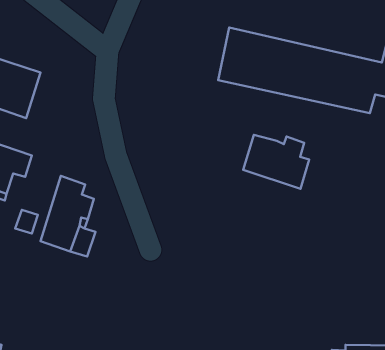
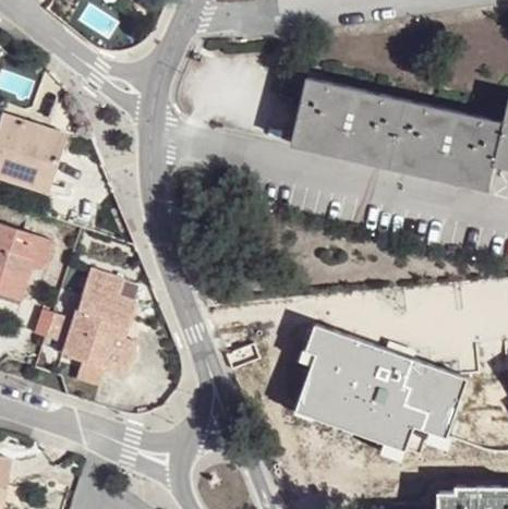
building: [243,135,309,189] -> none
building: none -> [295,329,469,453]

